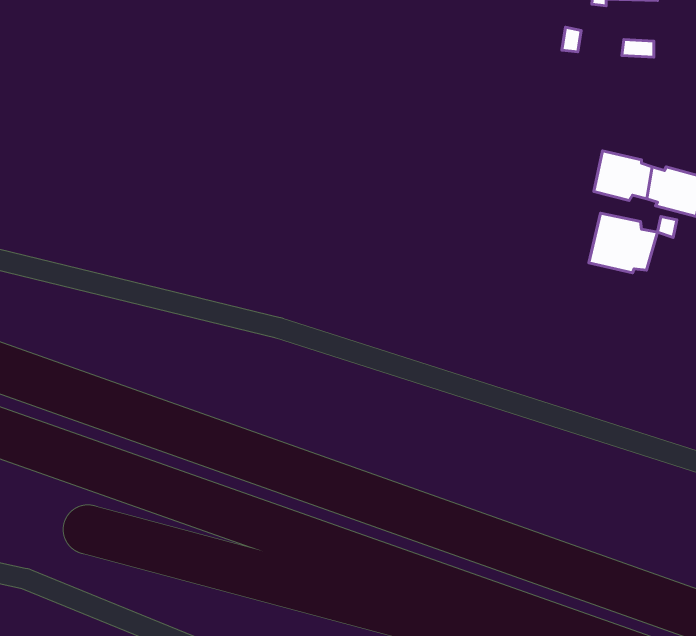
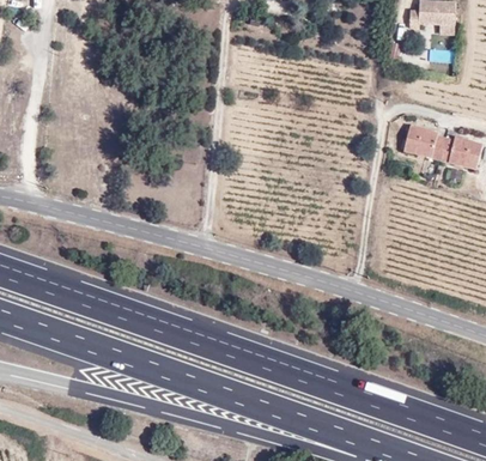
building: [589,213,657,273] -> none

